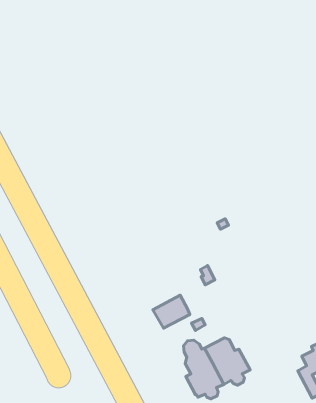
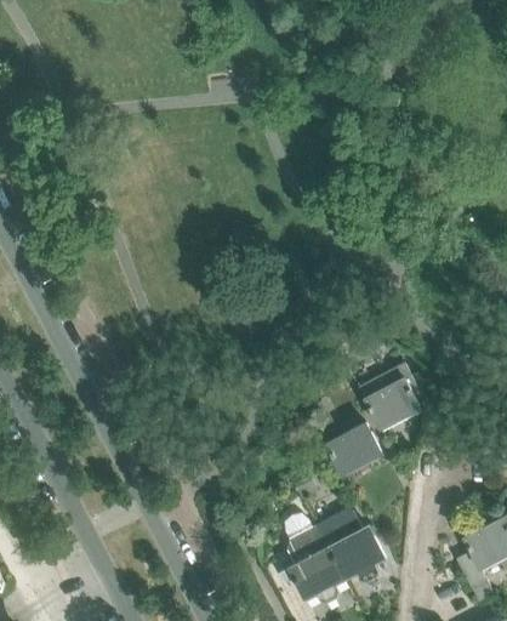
building: none -> [358,365,418,429]
building: [153,295,190,328] -> [324,425,380,474]

